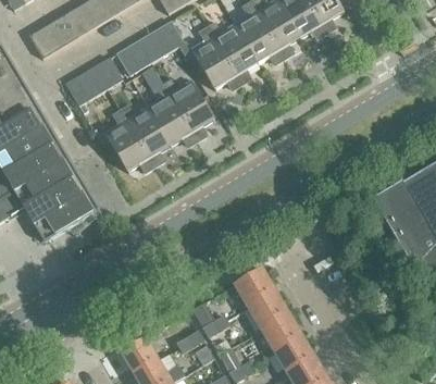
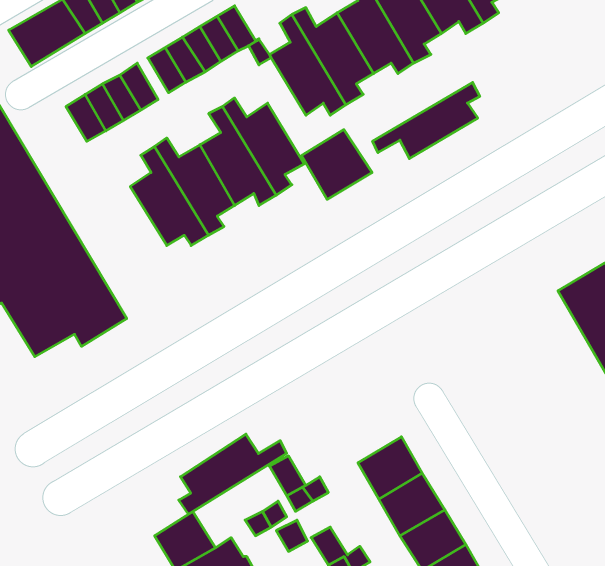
building: none -> [373,82,480,159]
building: none -> [302,130,372,199]
building: [234,269,275,307] -> none
building: none -> [179,434,287,514]

